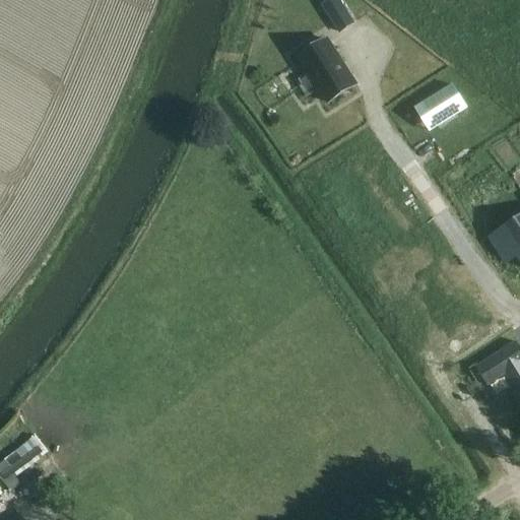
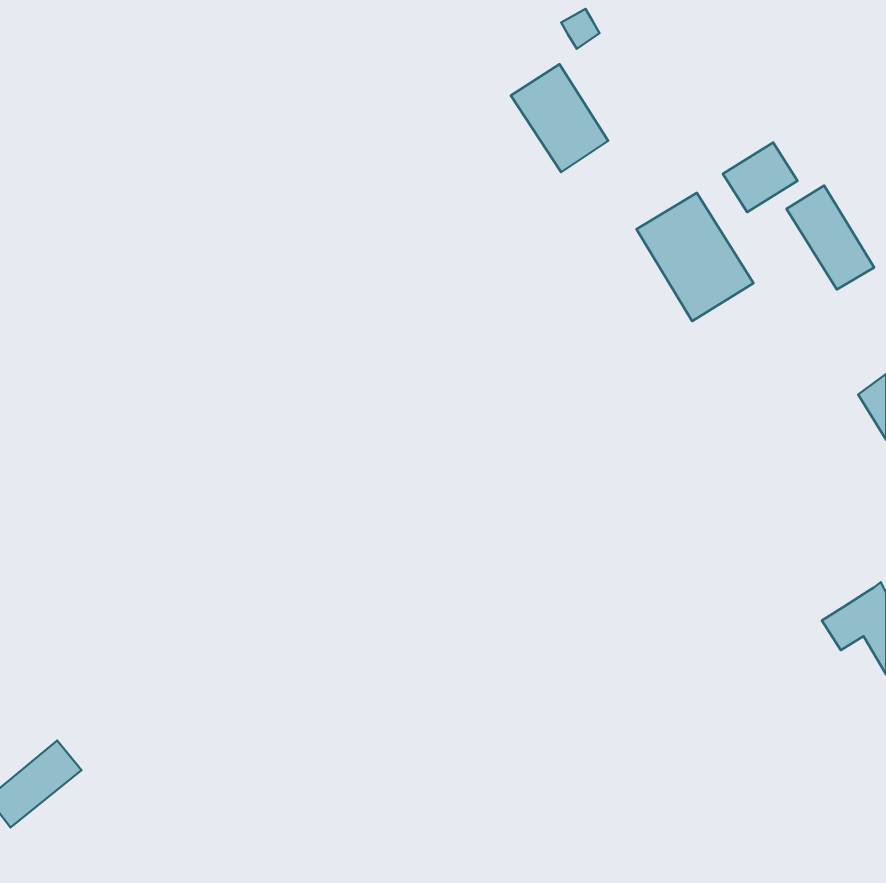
building: none -> [786,185,874,290]
building: none -> [637,193,754,321]

